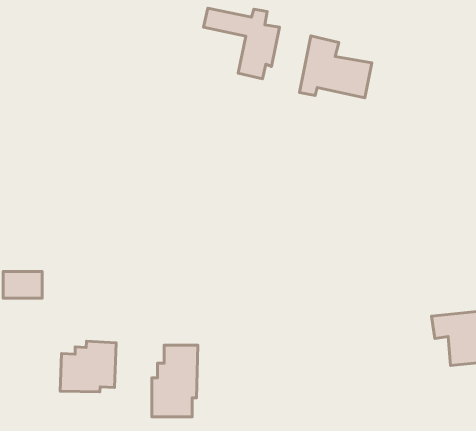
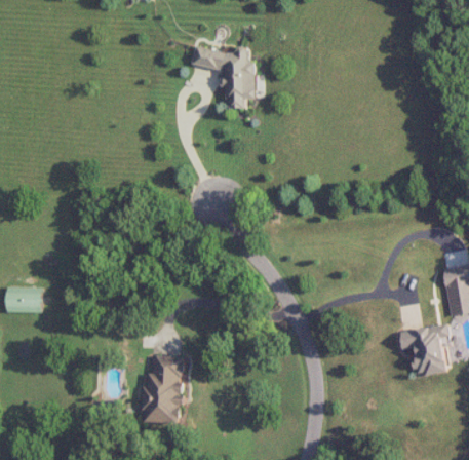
building: [299,36,372,98] -> none
building: [60,341,116,392] -> none

